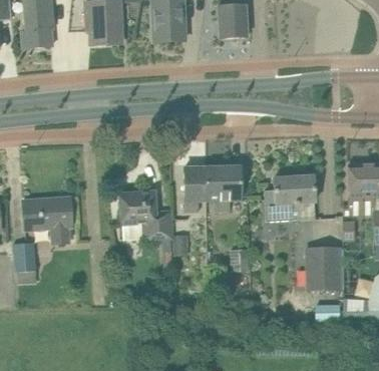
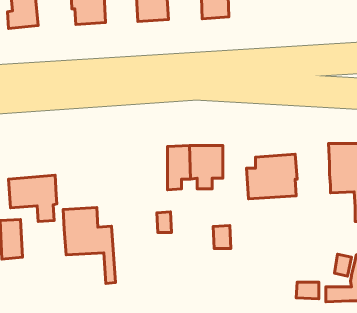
building: [120,191,173,268] -> [63,207,116,284]
building: [307,246,340,289] -> none

